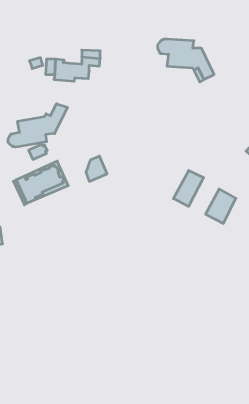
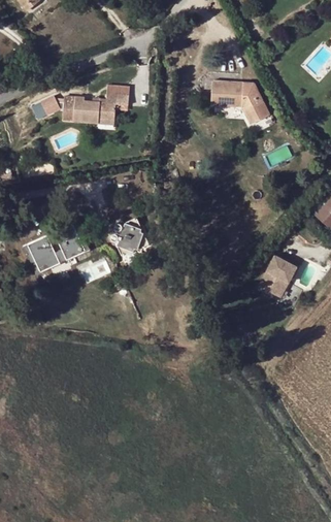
building: [8,104,67,147] -> none
building: [173,170,204,206] -> none

